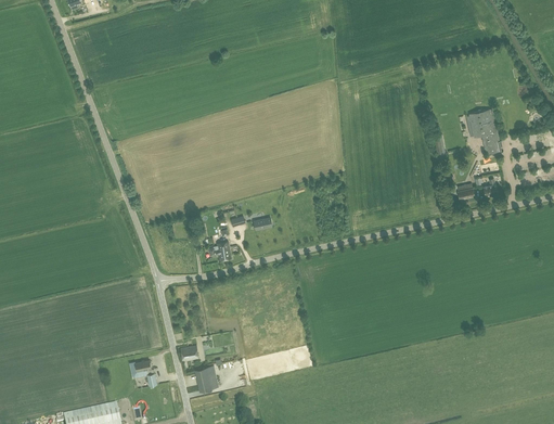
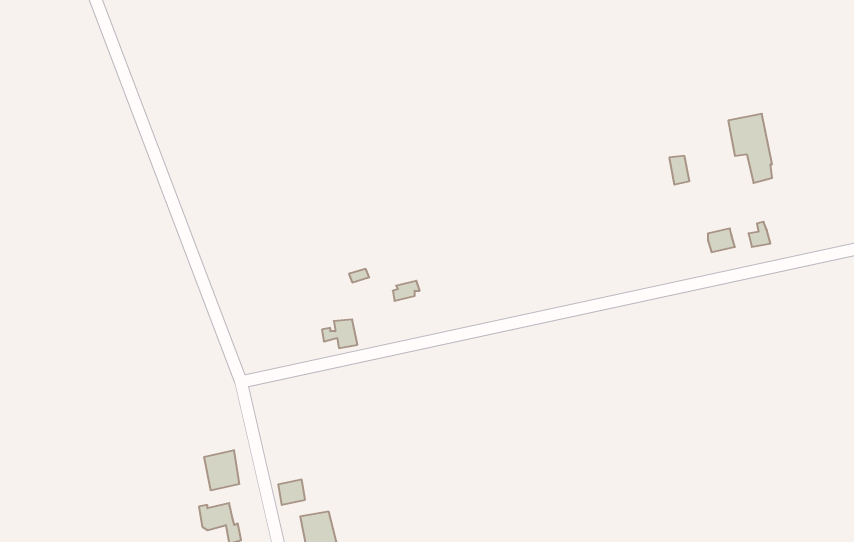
building: none -> [204,450,239,490]

